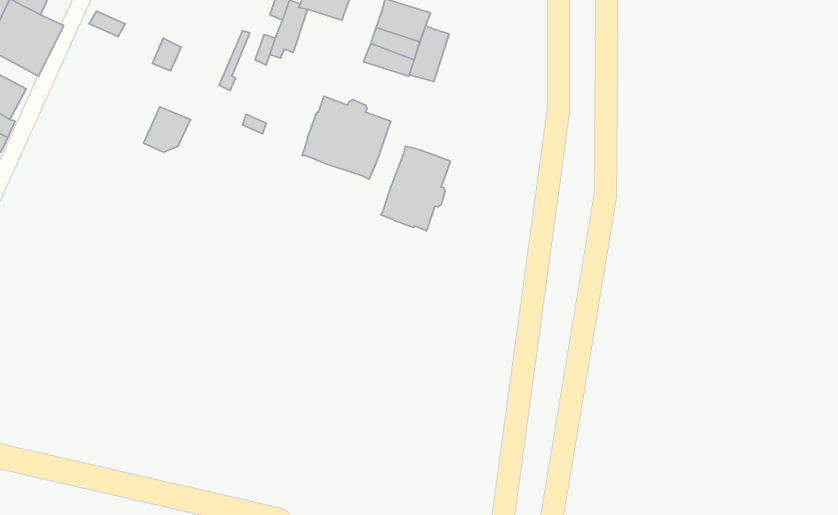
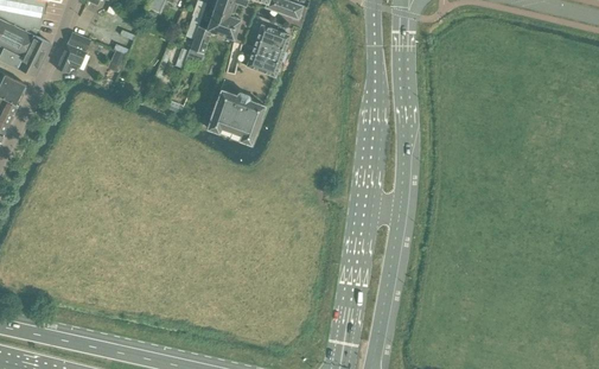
building: [409,26,449,81] -> none
building: [144,107,190,152] -> [55,44,85,74]
building: [381,146,450,231] -> none

